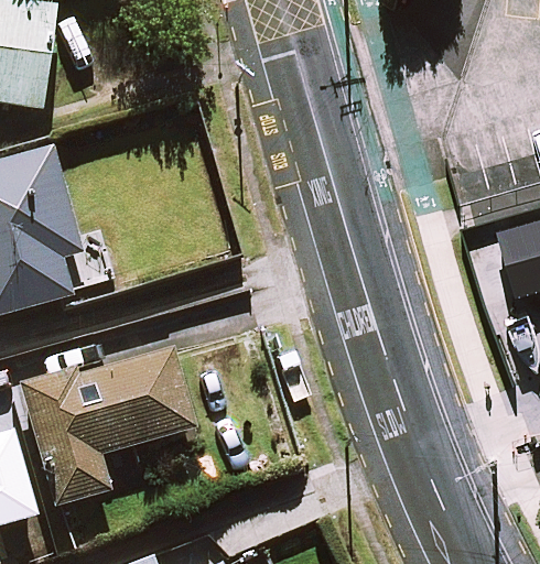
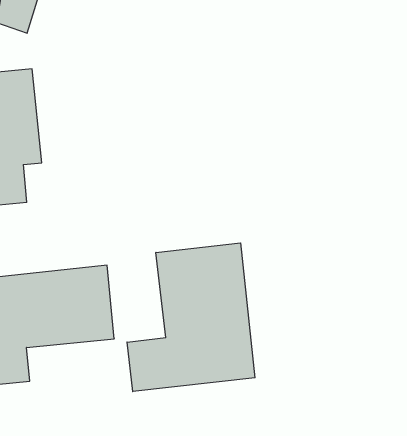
building: none -> [127,243,255,392]

